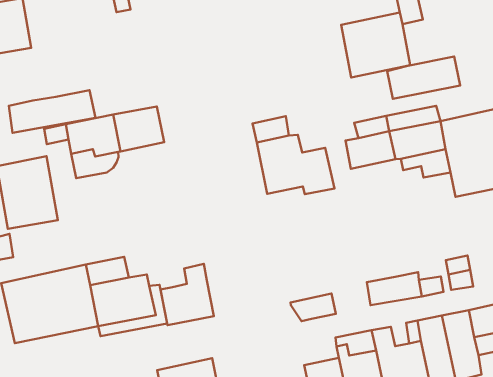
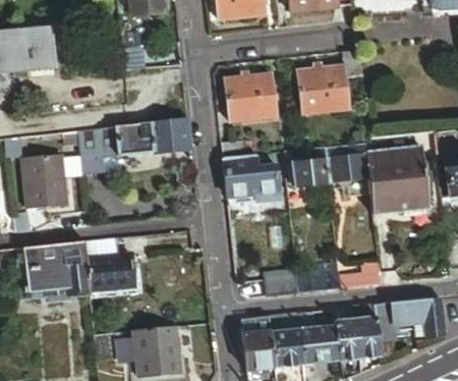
building: none -> [225,74,276,121]
building: [387,57,460,99] -> none
building: [9,90,95,133] -> none
building: none -> [149,117,190,151]
building: [161,264,214,325] -> none

